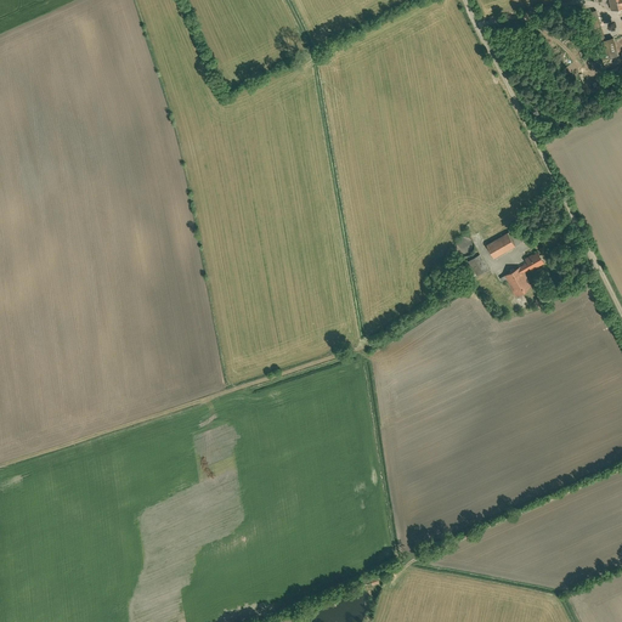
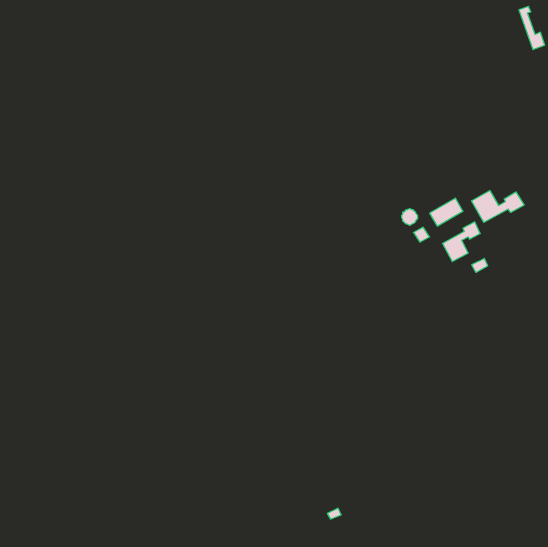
building: none -> [472,191,524,222]

